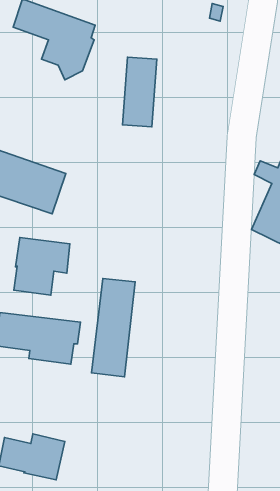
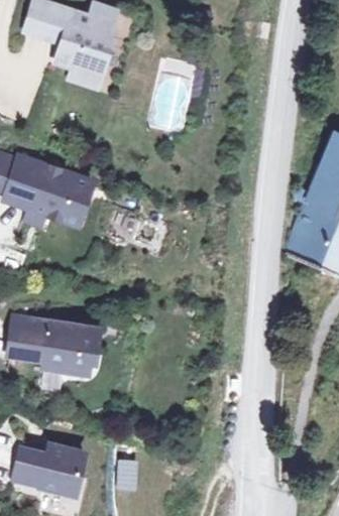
building: [14,238,70,295] -> none
building: [91,278,135,377] -> none

